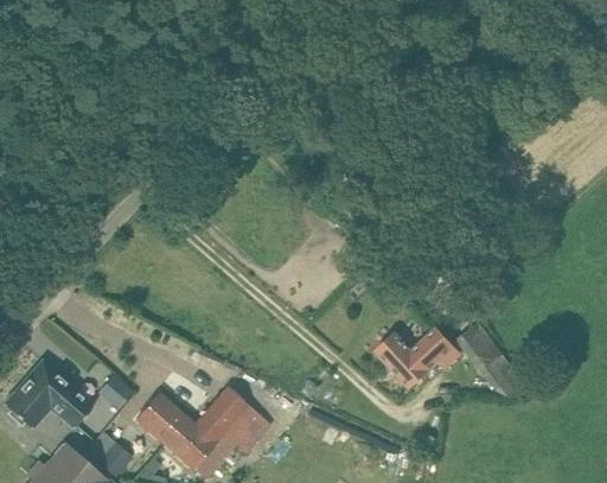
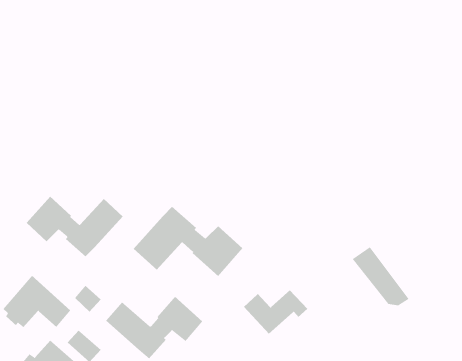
building: none -> [26,196,123,257]
building: none -> [133,206,243,277]
building: [377,329,461,387] -> [243,290,308,334]

